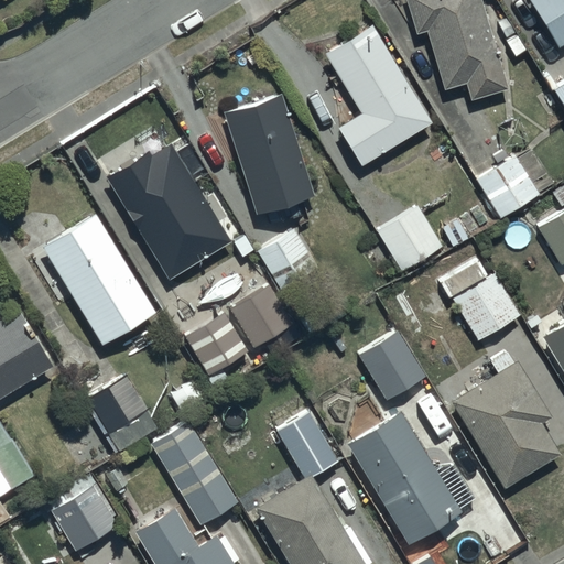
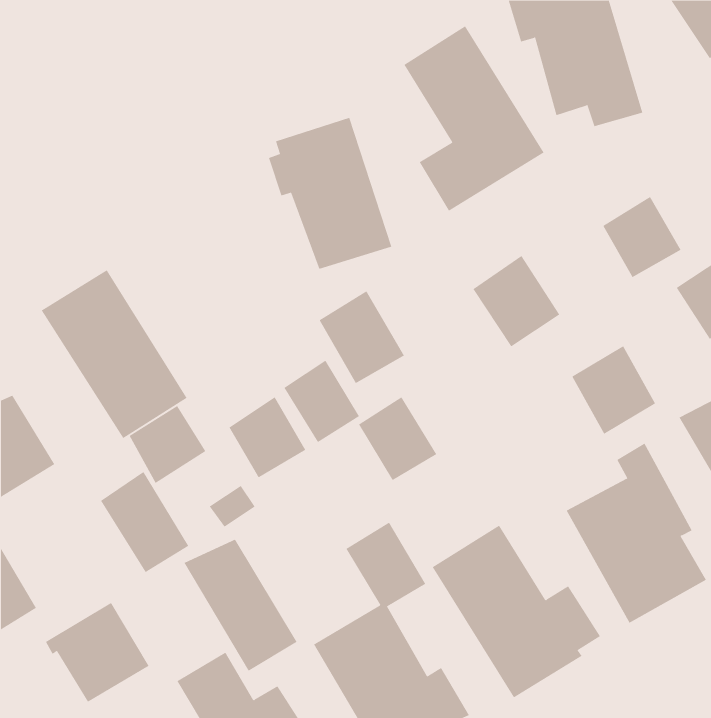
building: [104,144,234,281] -> none
building: none -> [129,405,206,484]
building: [362,332,424,398] -> [358,396,437,481]

